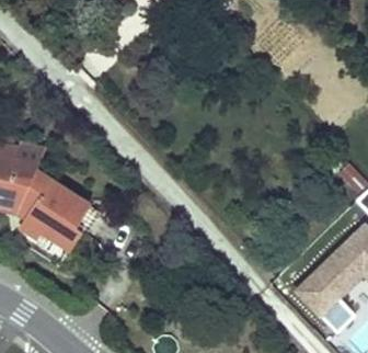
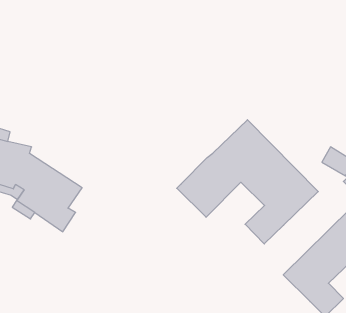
building: none -> [177,120,318,244]

